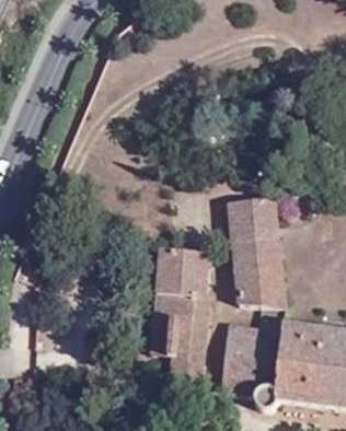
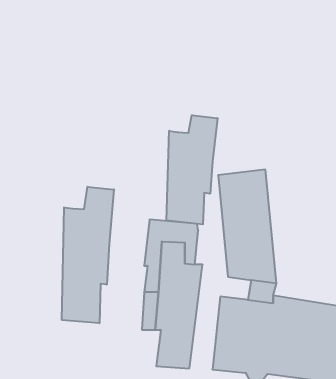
building: none -> [167,115,217,224]
building: none -> [62,187,114,323]

